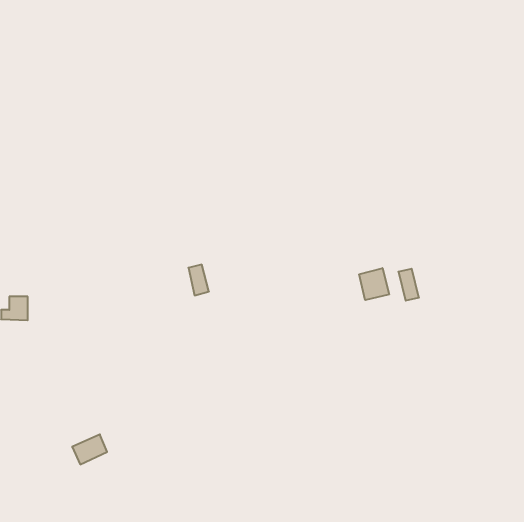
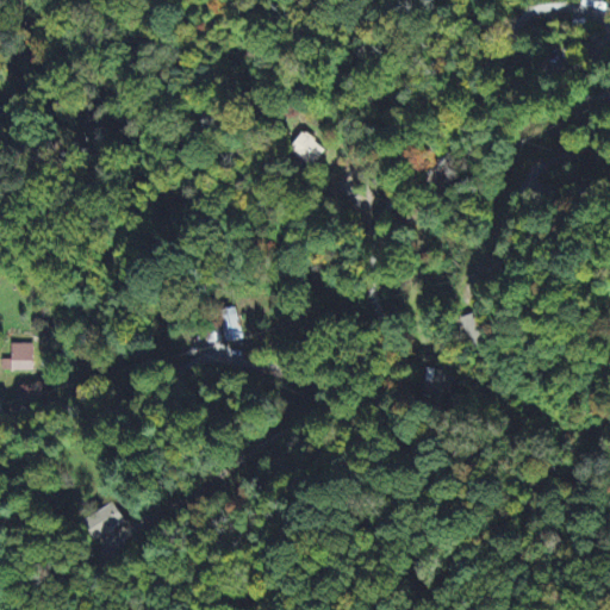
building: none -> [288,130,324,166]
building: [359,268,389,300] -> none

